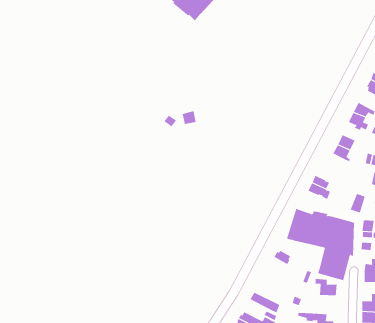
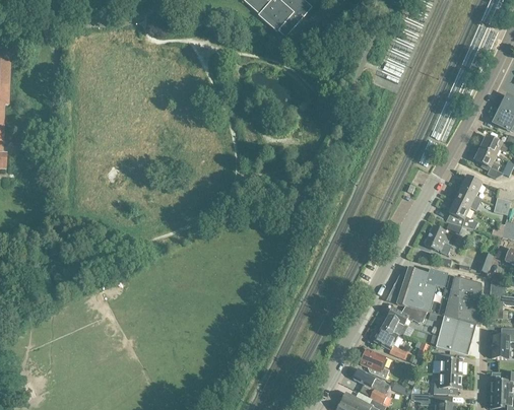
building: none -> [448,199,478,229]
building: none -> [387,306,427,325]
building: none -> [374,326,411,360]
building: none -> [361,348,389,378]
building: none -> [432,372,459,393]

